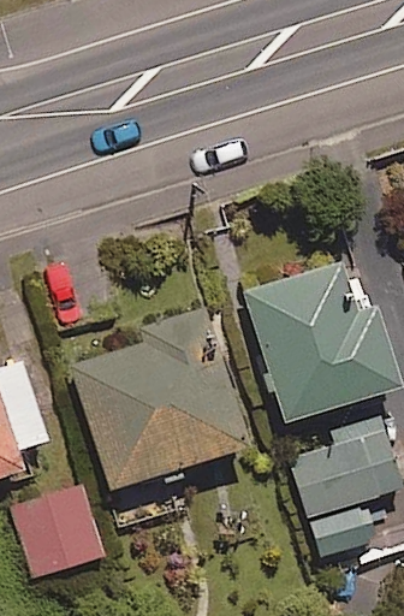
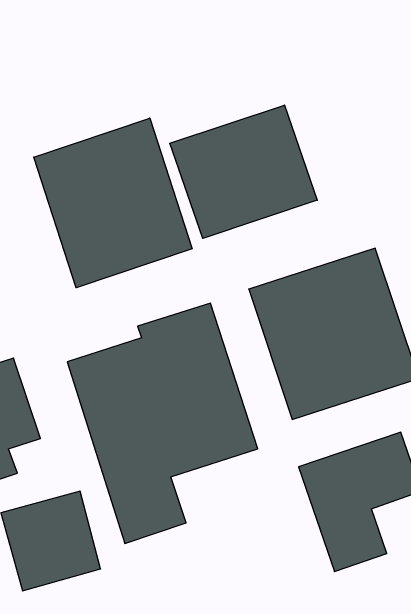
building: none -> [170,105,317,238]
building: none -> [34,118,192,288]

